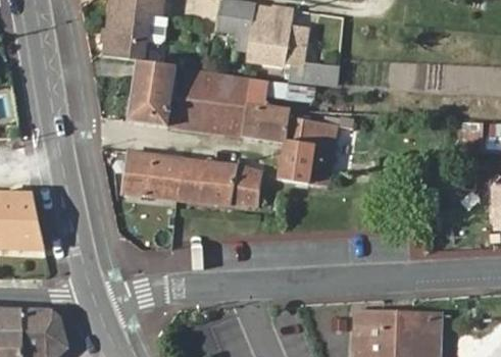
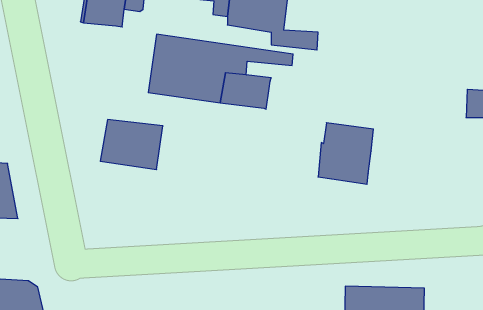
building: [129,59,178,124] -> none
building: [280,120,334,181] -> [318,123,373,184]
building: [178,157,261,205] -> none

